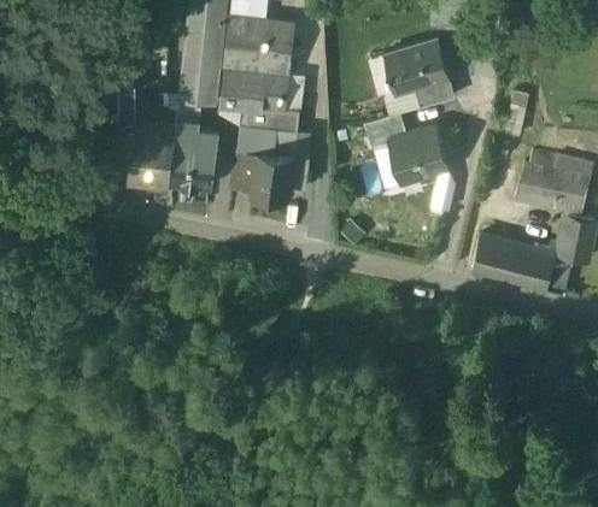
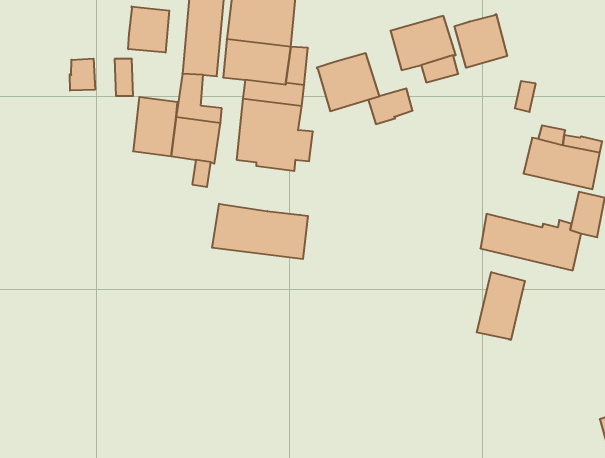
building: none -> [128,6,169,53]
building: none -> [454,14,507,68]
building: none -> [70,59,95,91]
building: [388,126,450,183] -> [317,53,379,111]
building: none -> [212,204,308,259]
building: none -> [477,272,525,340]

